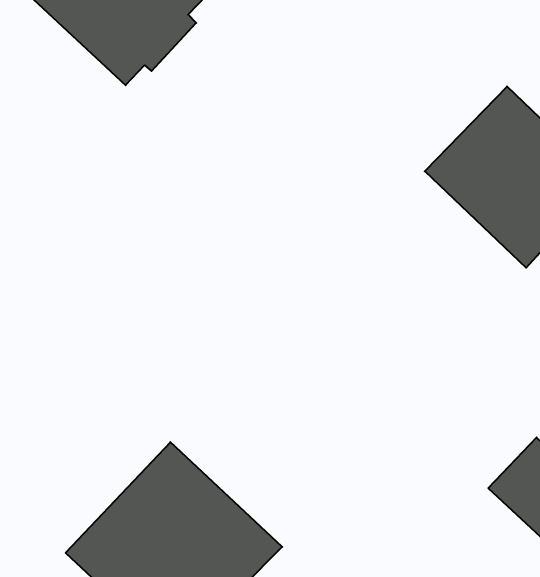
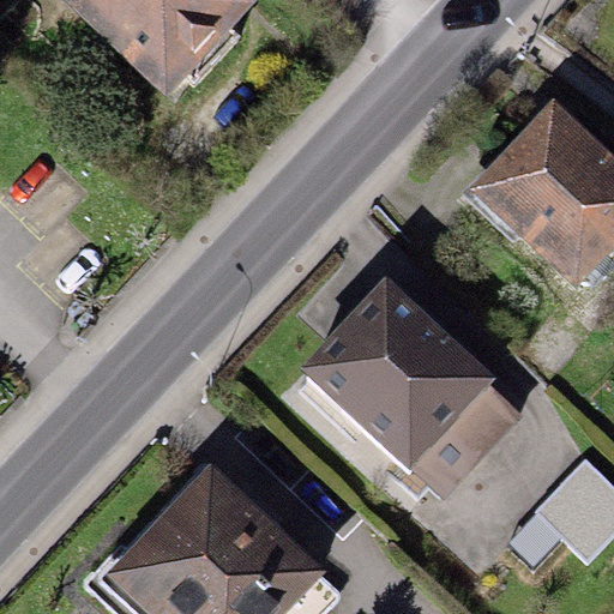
building: none -> [301,277,522,499]

